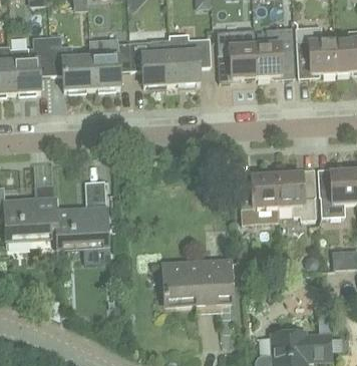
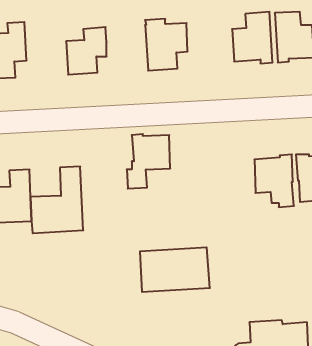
building: [49,36,92,90] -> none
building: [129,40,171,86] -> none
building: [218,40,257,81] -> none
building: [235,172,278,227] -> [127,134,170,189]

